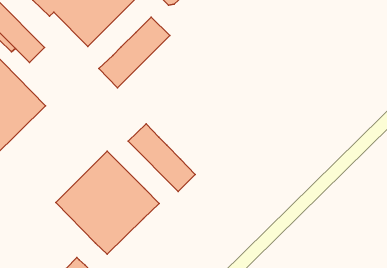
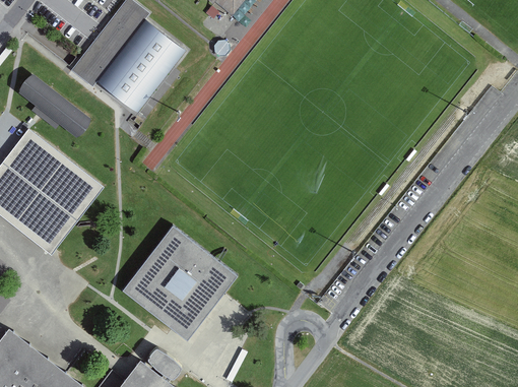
building: [99,17,170,88] -> none
building: [128,124,195,192] -> none

